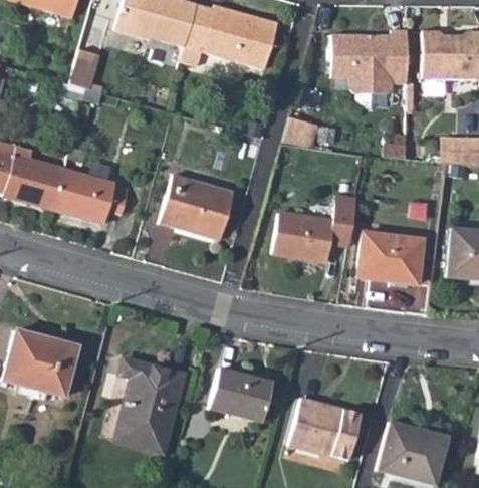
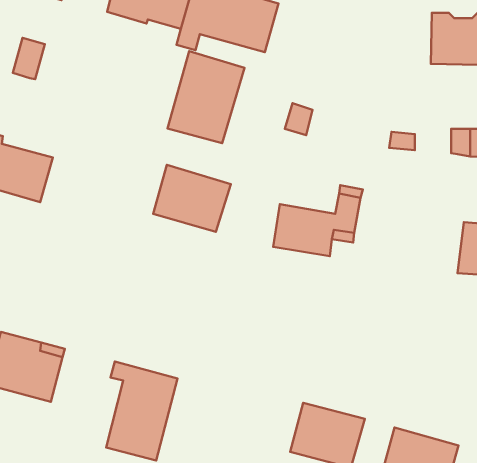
building: [331,30,409,94] -> none
building: [71,49,101,88] -> [13,38,45,79]
building: none -> [167,51,244,143]
building: [53,167,130,223] -> none
building: [357,231,421,284] -> none
building: [211,371,270,422] -> none

